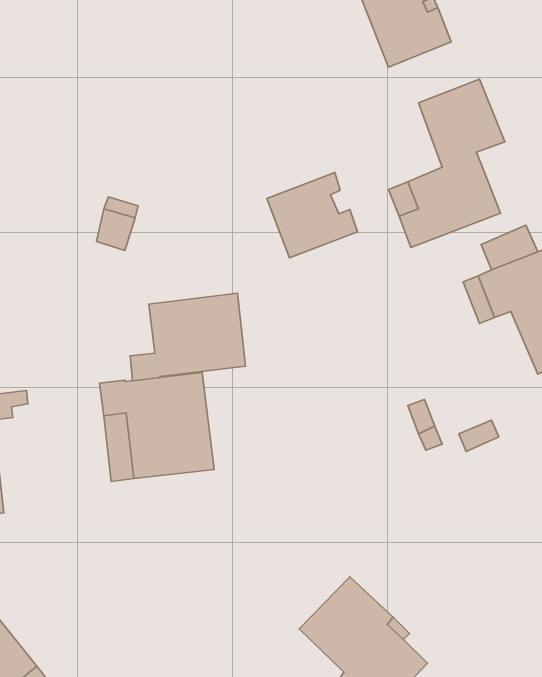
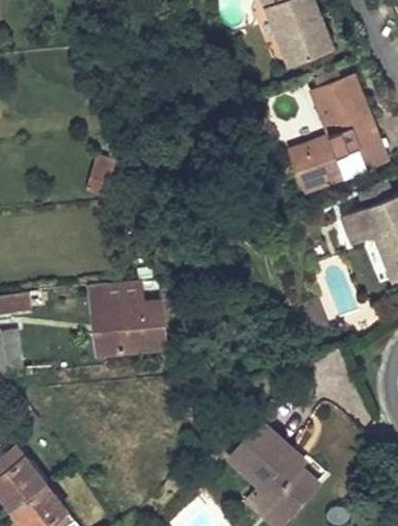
building: none -> [351,119,388,168]
building: [267,172,358,258] -> none
building: [130,293,245,381] -> none

